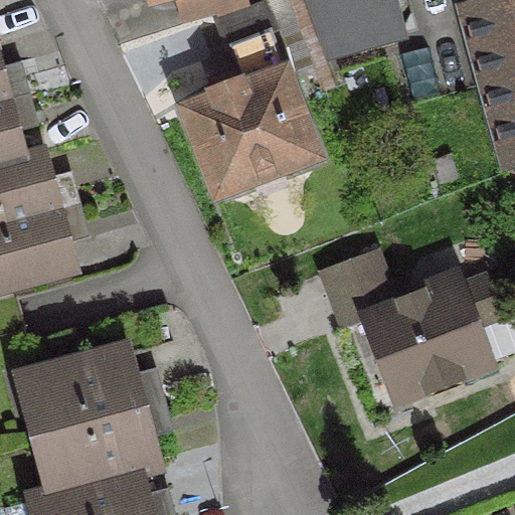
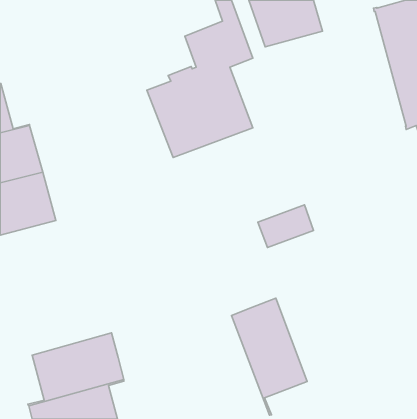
building: [365,277,501,399] -> none
building: [26,349,140,436] -> none
building: none -> [232,298,307,415]

